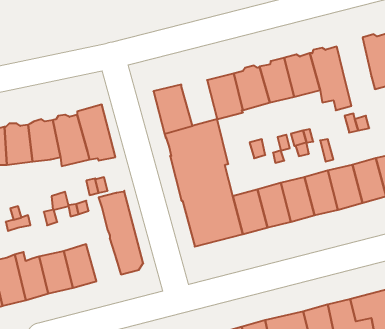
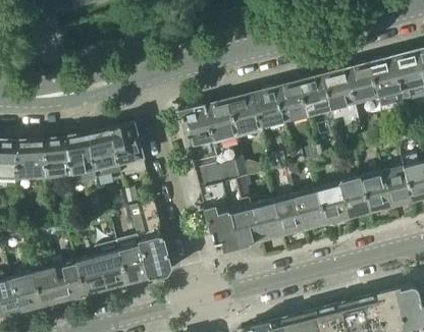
building: none -> [348,61,379,103]
building: none -> [206,100,238,142]
building: none -> [119,244,151,283]

